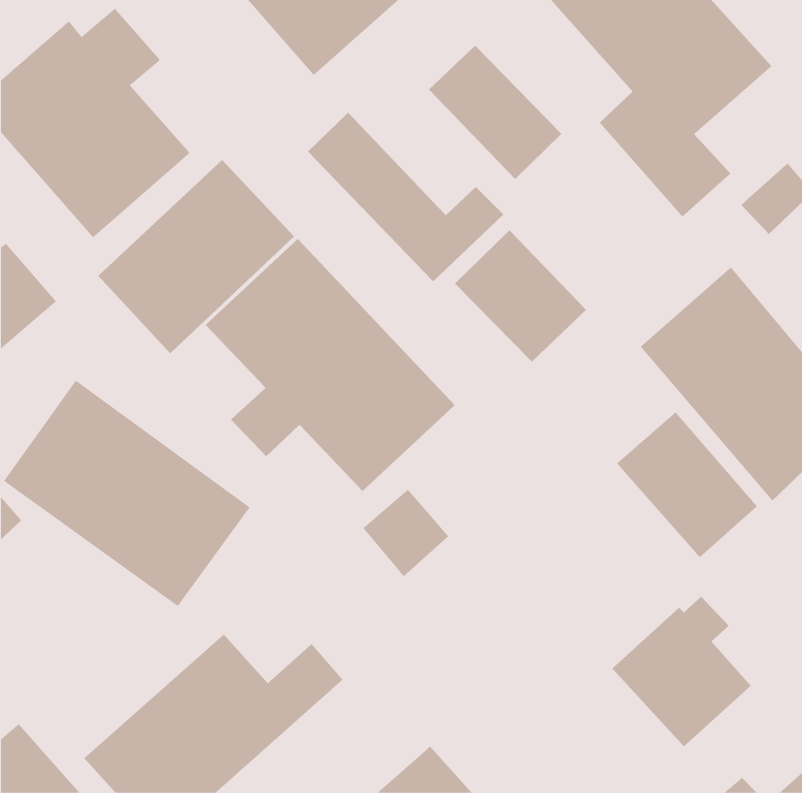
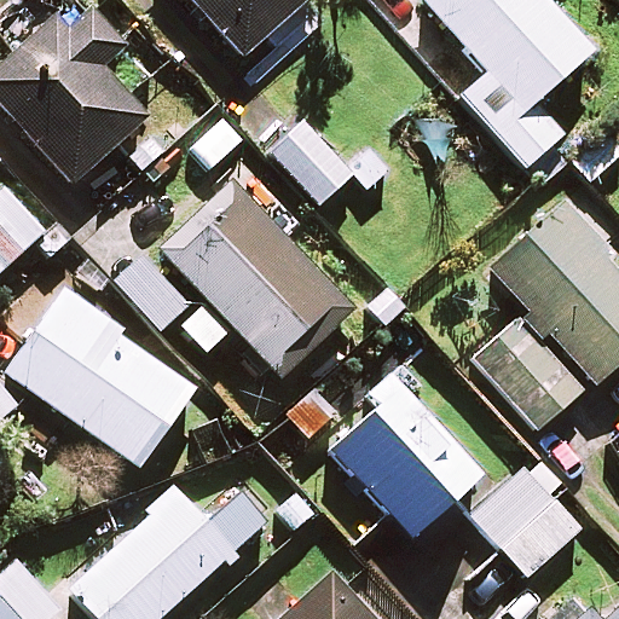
building: [428,45,562,180] -> none
building: [97,159,295,354] -> none
building: [454,230,587,363] -> none
building: none -> [332,371,485,538]

